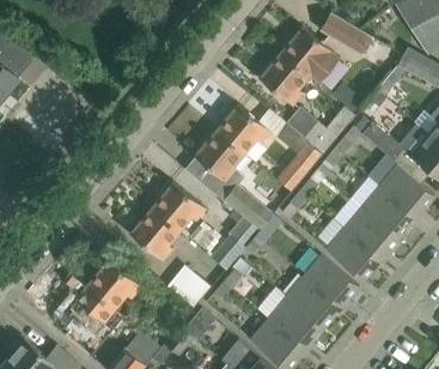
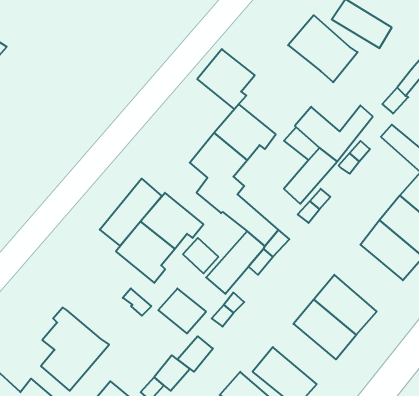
building: [260,53,310,105] -> [197,49,255,109]
building: none -> [100,179,162,246]
building: [327,228,382,280] -> none
building: [87,260,142,310] -> none
building: [268,297,323,350] -> none

